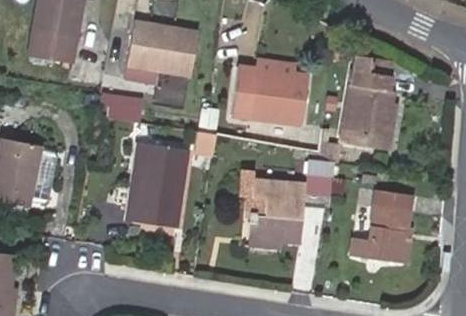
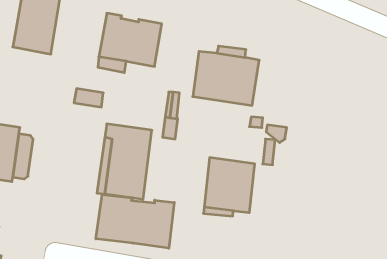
building: [338,50,395,146] -> none
building: [348,193,406,264] -> none
building: none -> [96,194,174,248]

